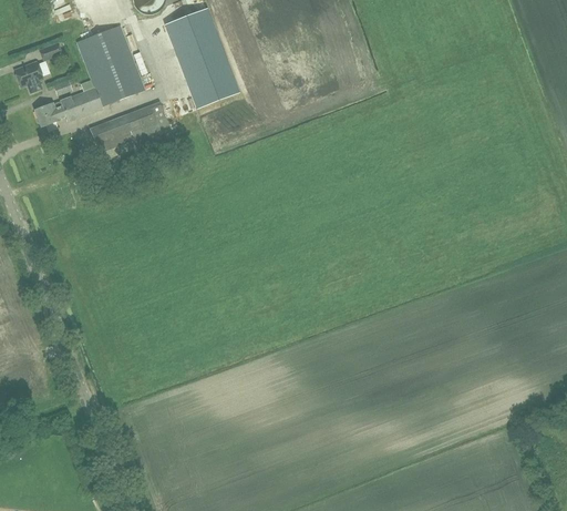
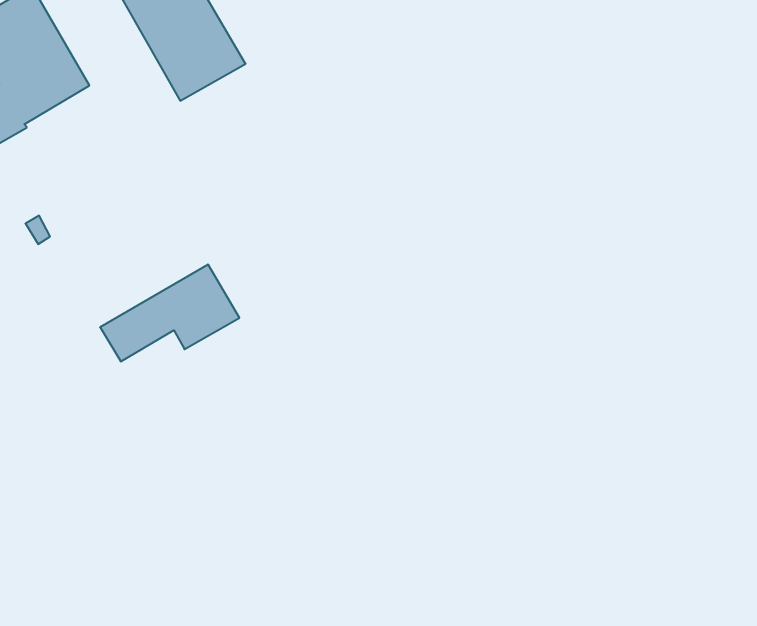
building: [90,102,173,151] -> [100,265,239,361]

